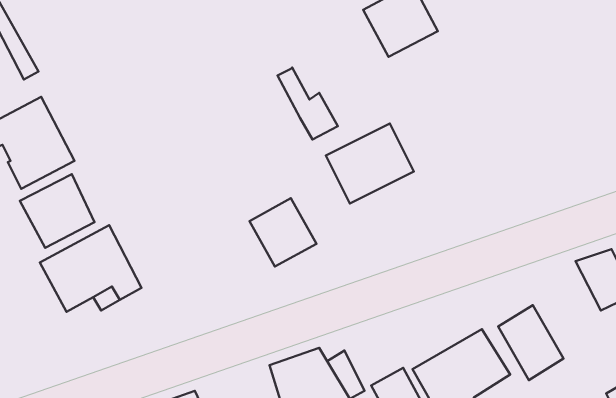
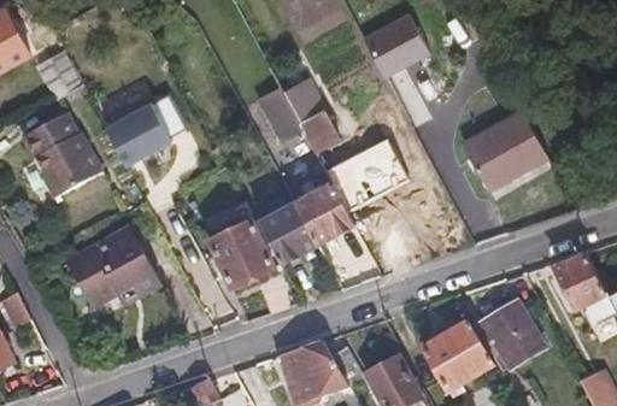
building: none -> [255,84,305,145]
building: none -> [462,110,546,190]
building: [20,174,95,248] -> [104,100,171,166]
building: none -> [296,186,355,246]
building: none -> [212,223,274,289]

